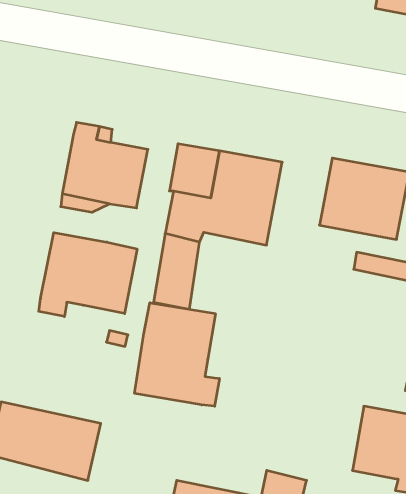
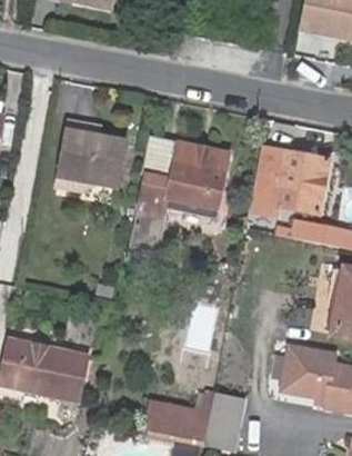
building: [39,233,137,317] -> none
building: [135,303,219,406] -> none

